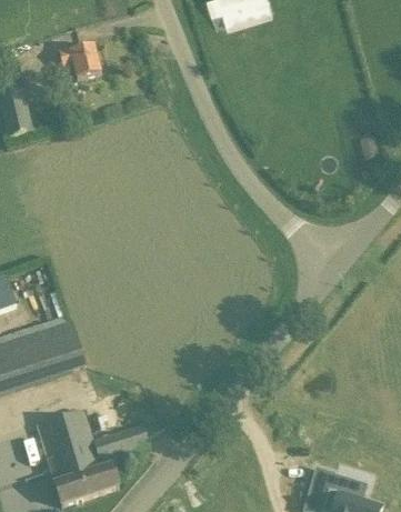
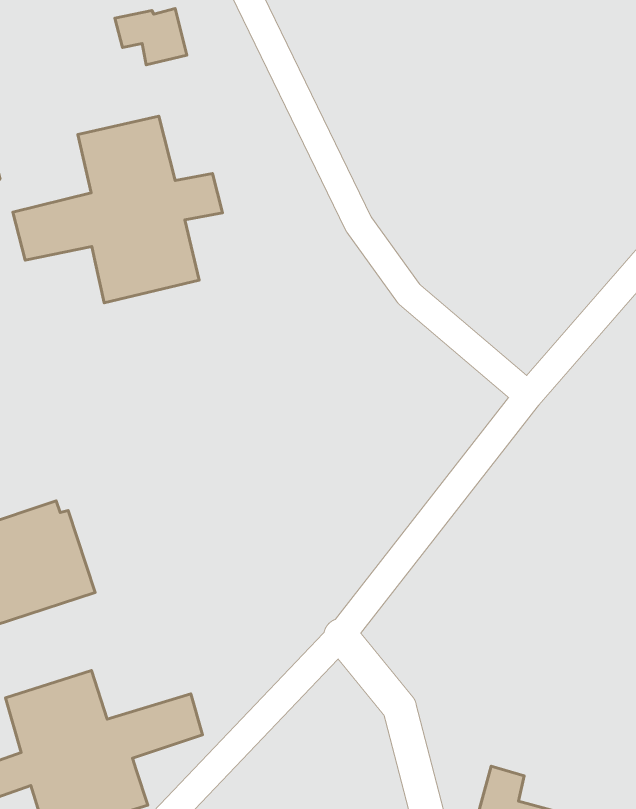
building: [59,44,100,77] -> [115,8,187,65]
building: none -> [13,116,222,303]

